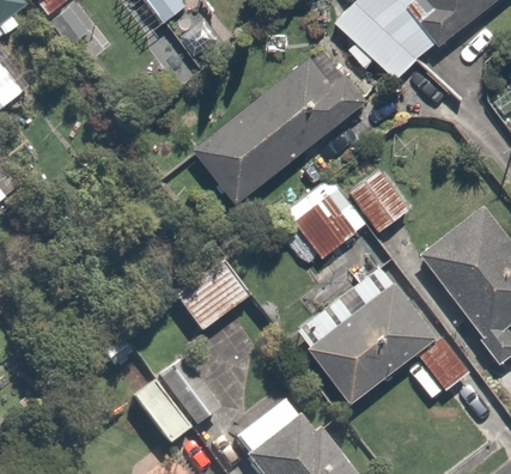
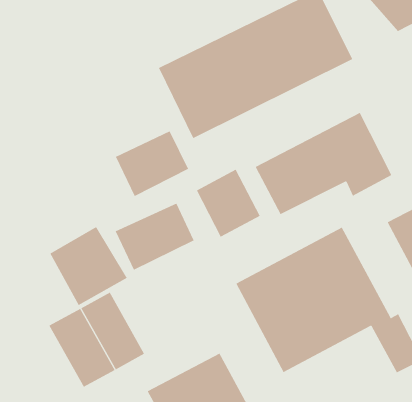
building: none -> [115,131,189,197]
building: none -> [196,169,260,238]
building: none -> [49,226,127,306]

